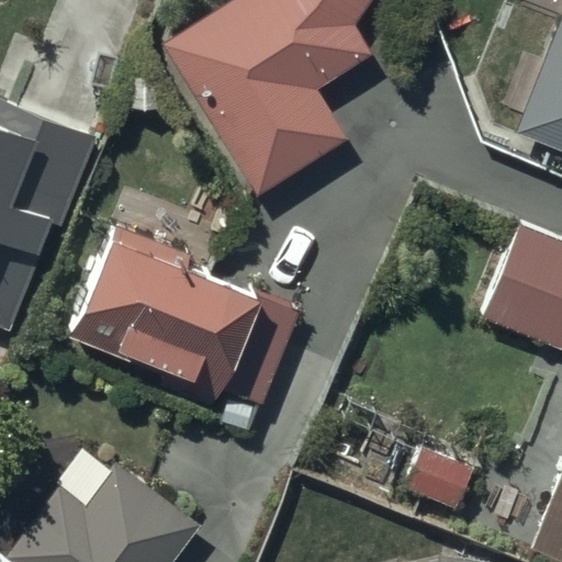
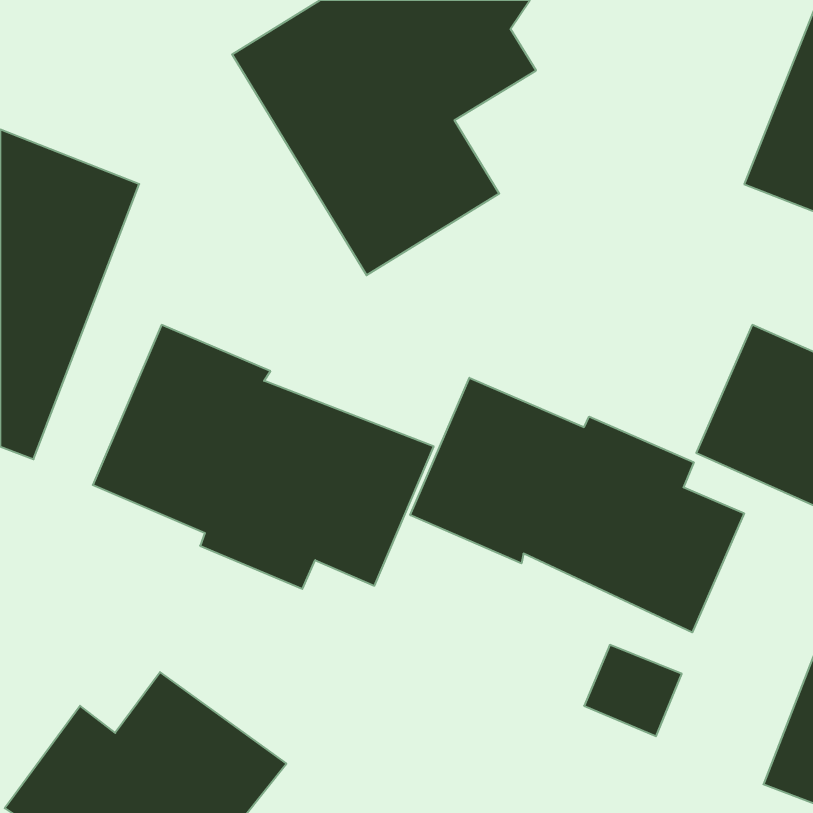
building: none -> [410,378,744,632]

